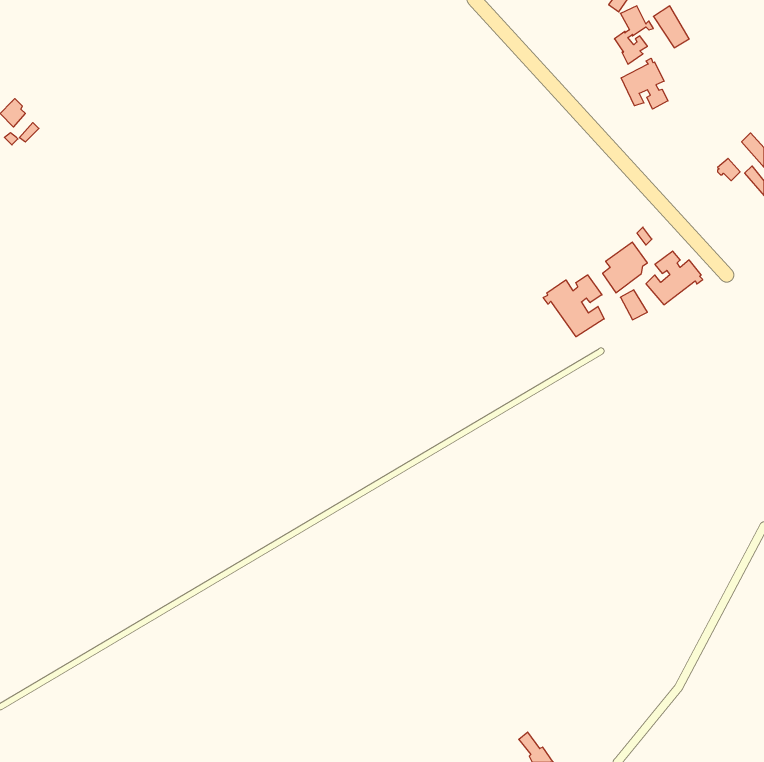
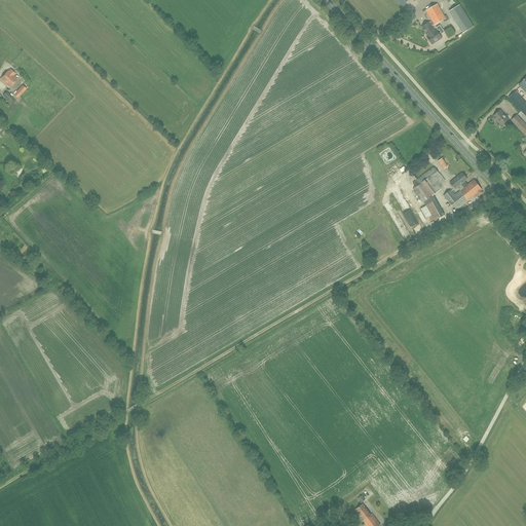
building: [621,58,668,109] -> none
building: [543,275,604,337] -> none

